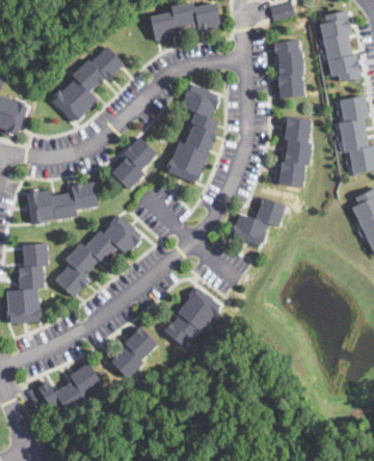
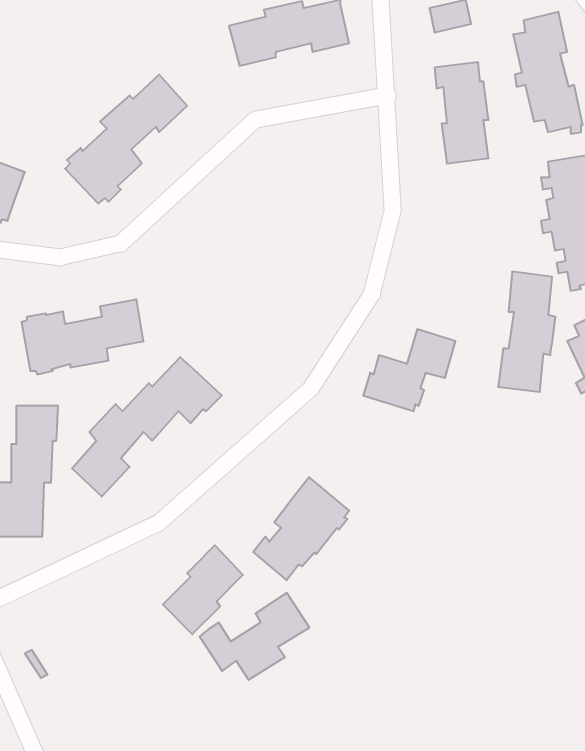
building: [166,83,219,184] -> none
building: [277,116,312,188] -> [498,272,556,392]
building: [112,136,158,190] -> none
building: [37,362,103,414] -> [200,593,309,680]

